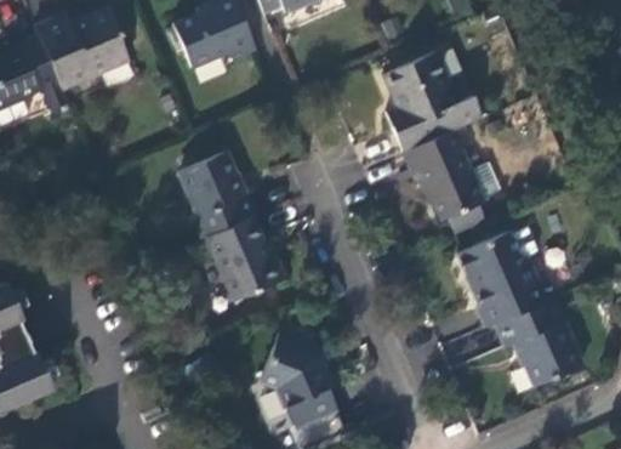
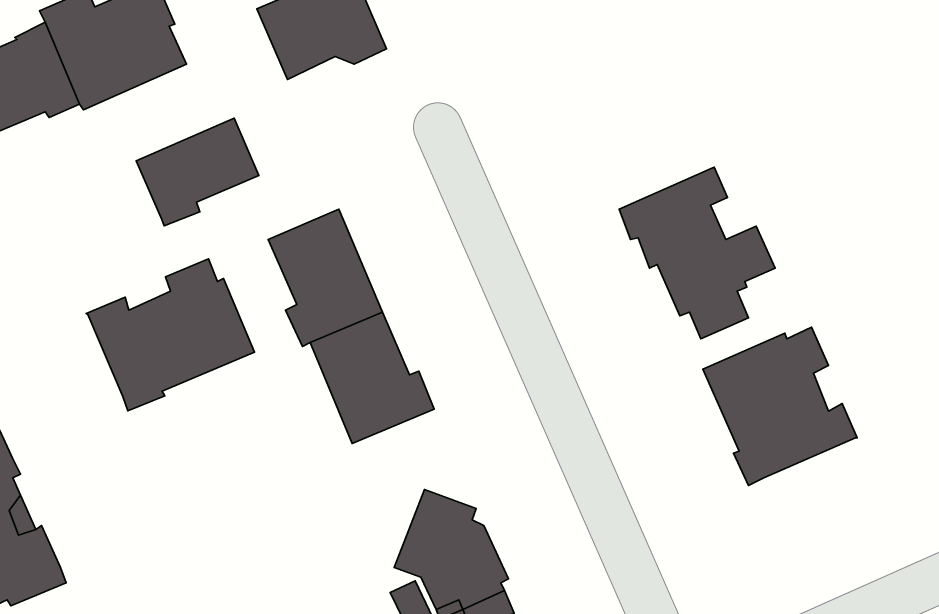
building: [383,51,483,153] -> none
building: none -> [136,118,259,226]
building: none -> [86,259,255,411]
building: [496,299,583,387] -> none

